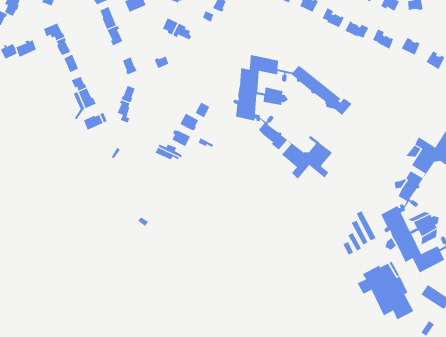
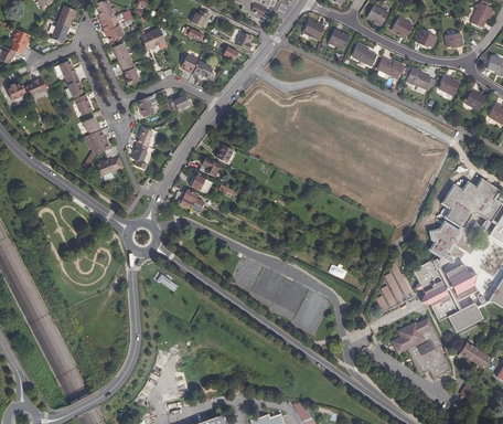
building: [233,54,353,179] -> none

